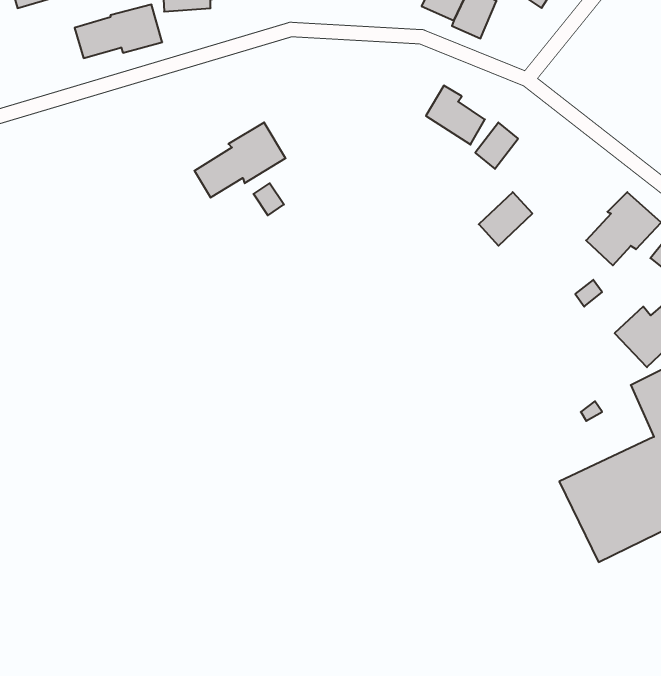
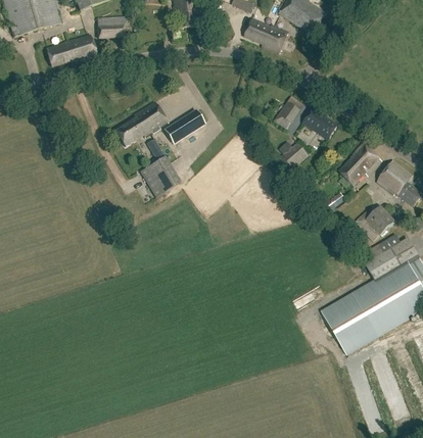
building: [426,86,485,145] -> [303,105,337,139]
building: none -> [163,110,203,144]
building: none -> [140,156,181,197]

